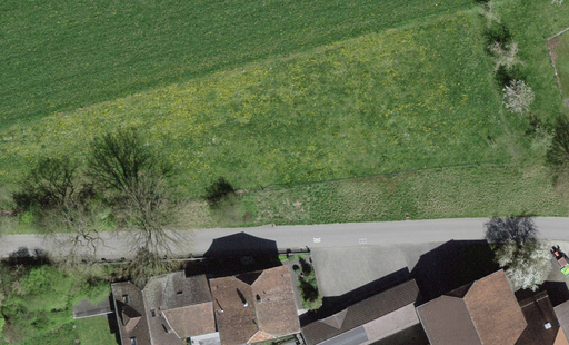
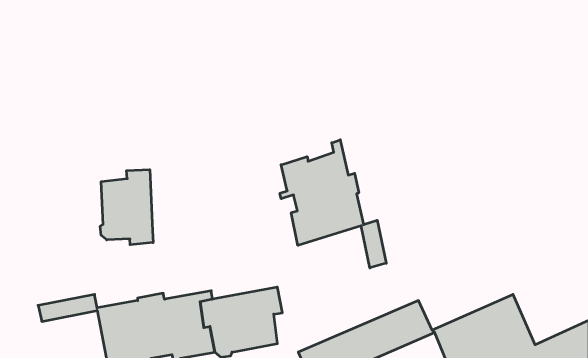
building: none -> [280,140,386,268]
building: none -> [100,170,153,245]

